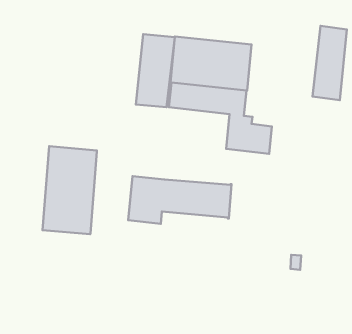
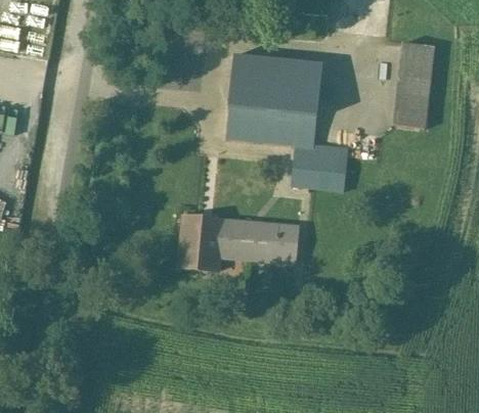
building: [136,34,175,107] -> none
building: [42,146,97,234] -> none

